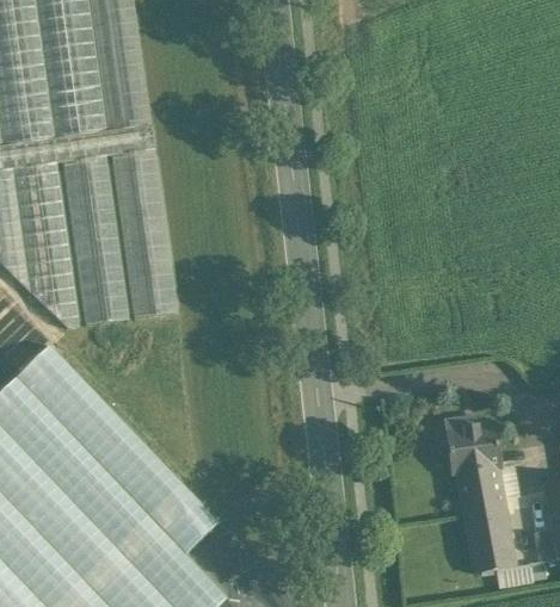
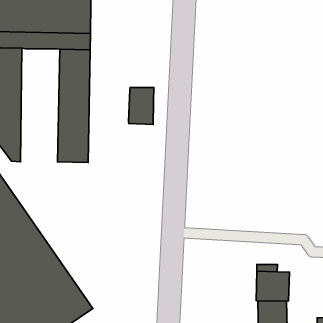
building: [62,156,129,327] -> none
building: none -> [129,87,154,124]

